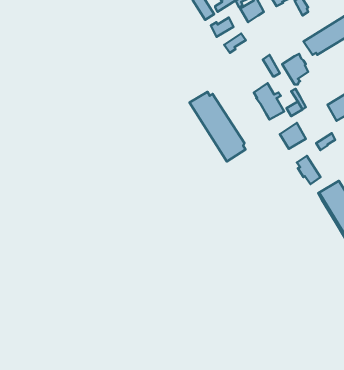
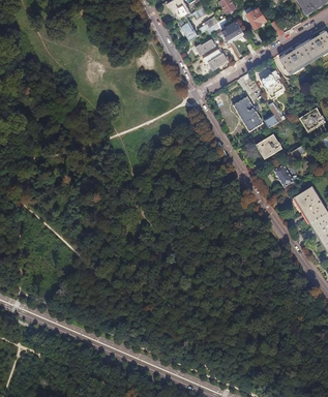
building: [189,92,245,162] -> none

